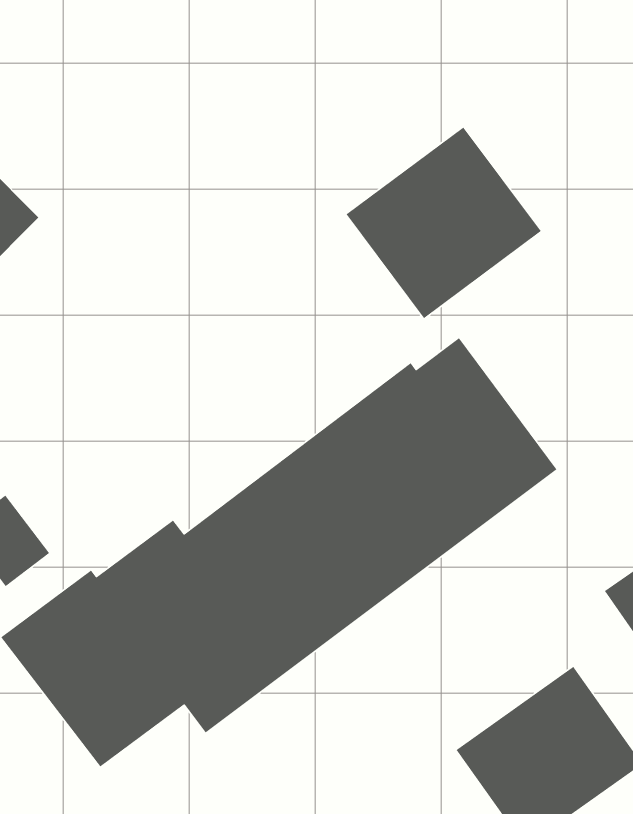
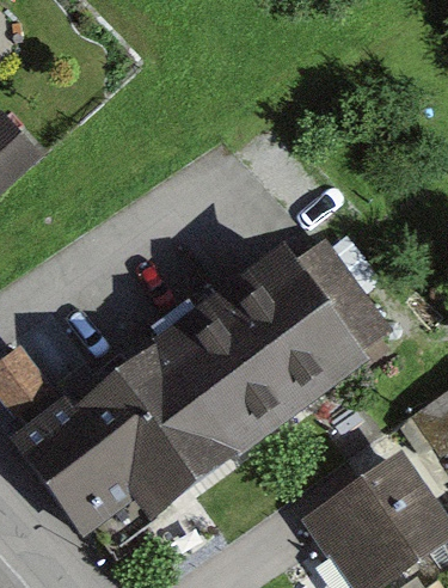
building: [345,126,542,319] -> none

